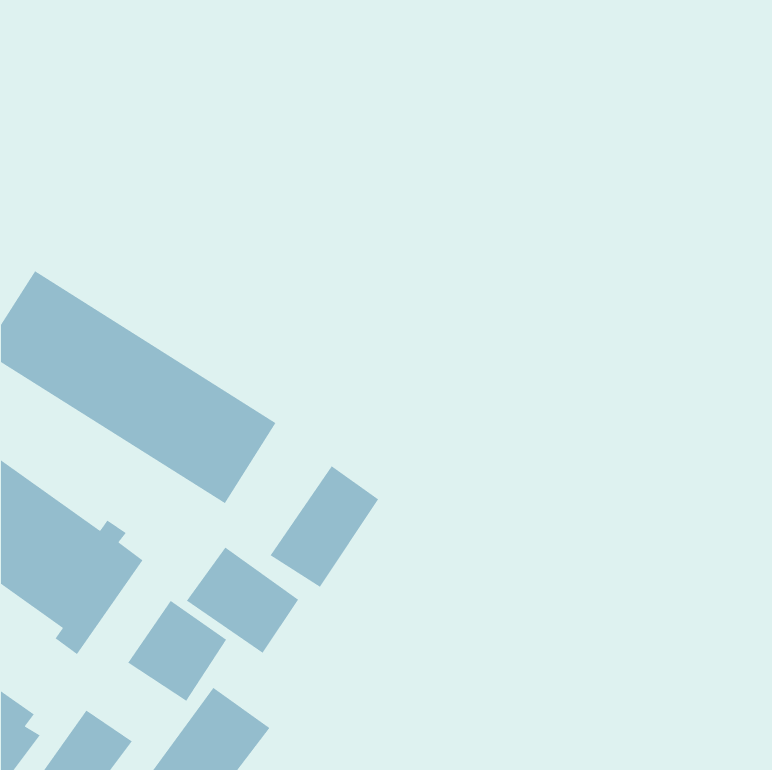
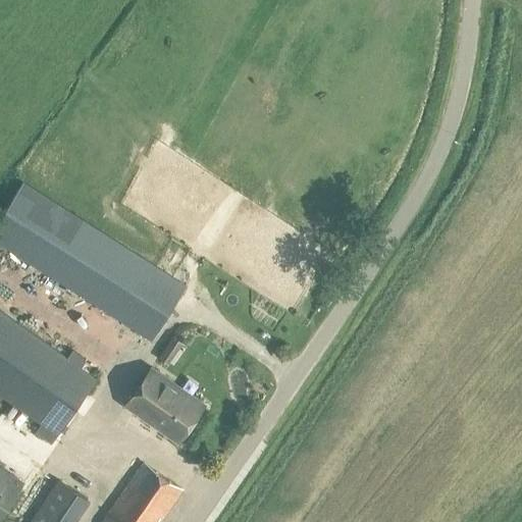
building: [270,465,379,588] -> none
building: [127,600,227,702] -> none

